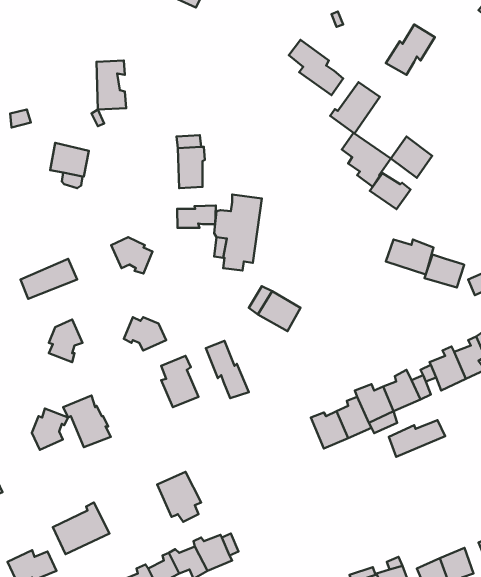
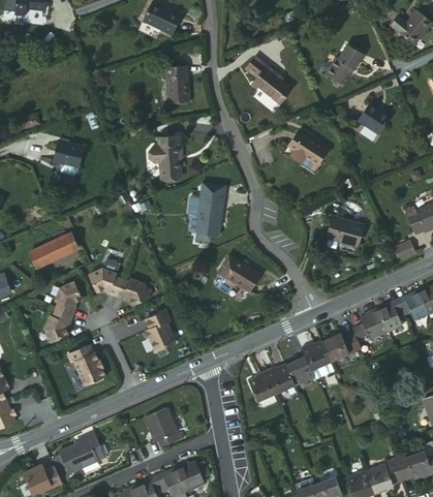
building: [97,60,126,109] -> [165,65,189,104]
building: [330,82,380,133] -> none
building: [391,137,432,178] -> [359,101,392,134]
building: [370,173,410,209] -> none
building: [177,205,216,228] -> none
building: [111,237,153,273] -> [89,270,122,299]
building: [425,254,464,288] -> none
building: [206,341,249,398] -> none
building: [32,408,68,450] -> [44,310,73,343]
building: none -> [247,362,275,394]
building: [389,420,445,457] -> none

